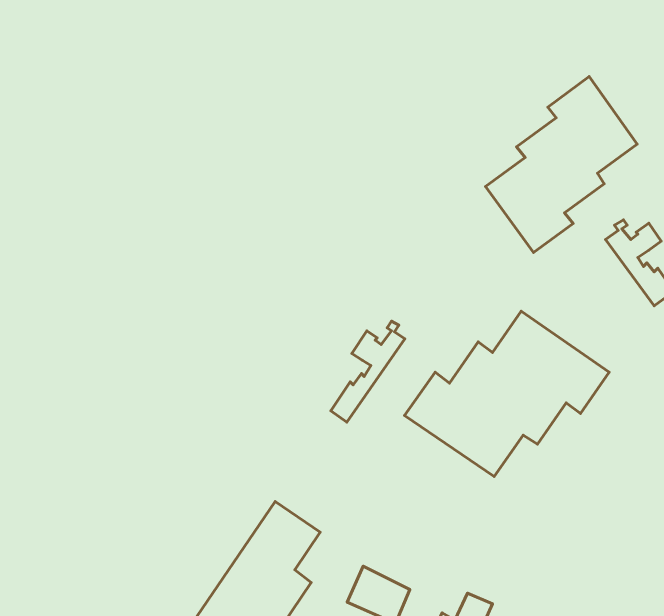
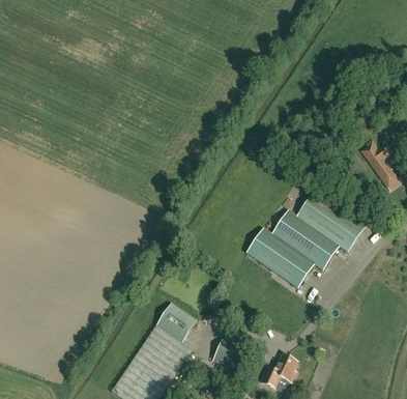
building: [485,76,637,253] -> none
building: [331,321,405,422] -> none

